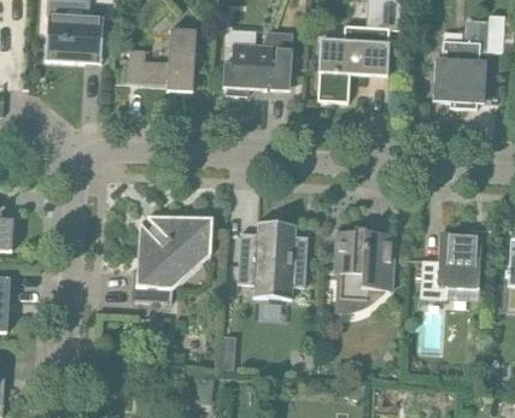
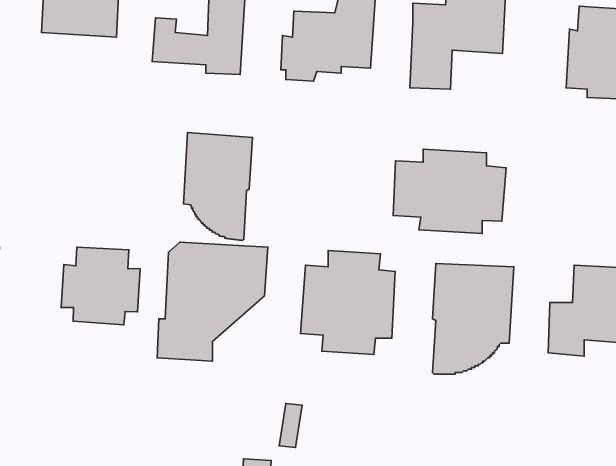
building: none -> [184,133,252,240]
building: none -> [393,149,506,234]
building: none -> [61,247,140,325]

